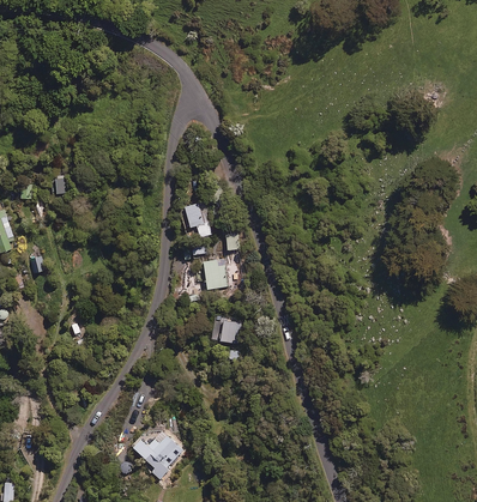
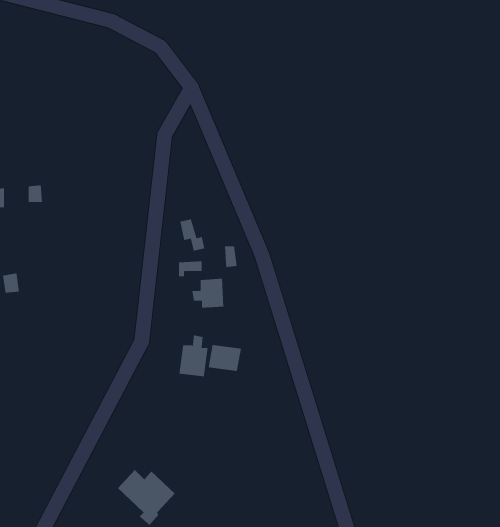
building: none -> [179,334,208,377]

